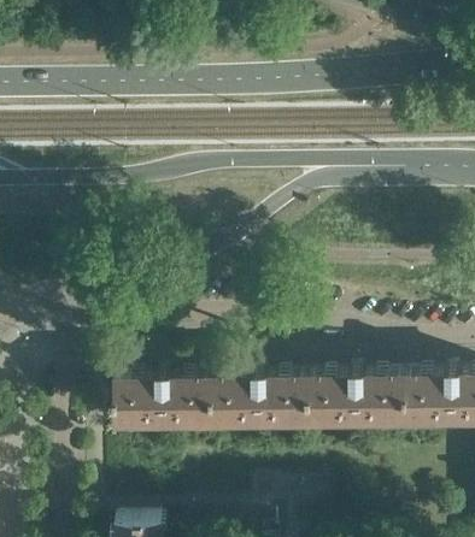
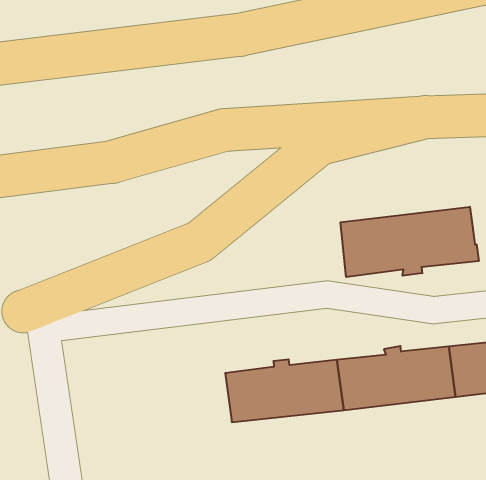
building: none -> [341,207,479,277]
building: [111,376,210,424] -> none

